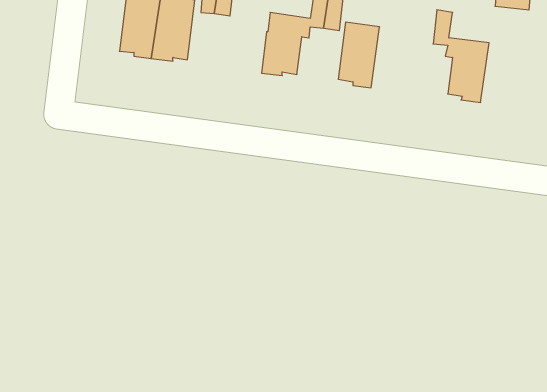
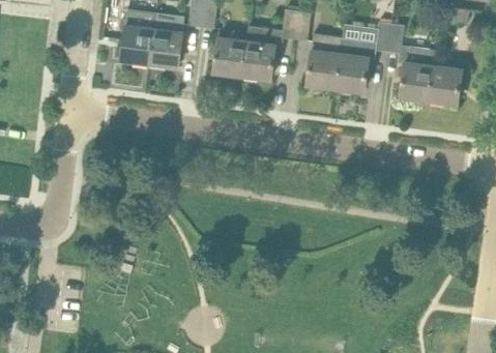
building: none -> [334,22,390,92]
building: none -> [213,39,245,78]
building: none -> [428,66,462,105]

